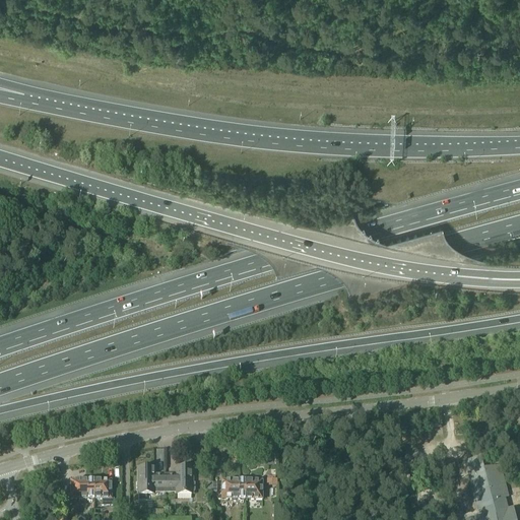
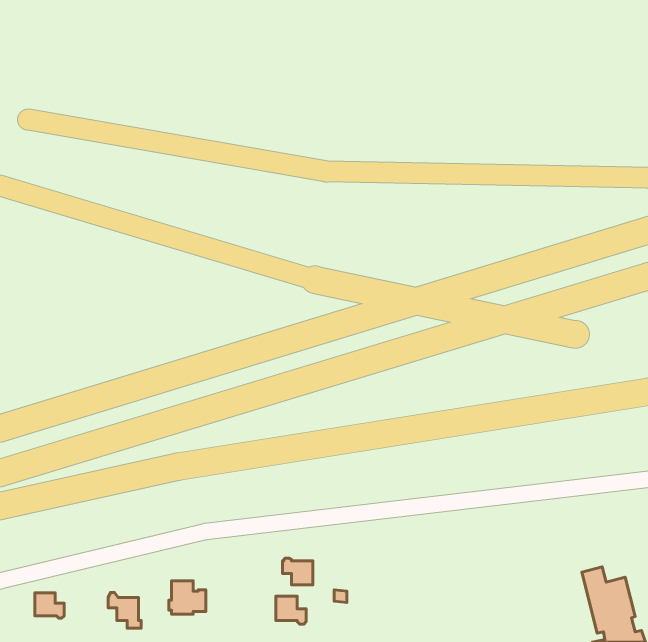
building: [166,463,195,491] -> none
building: [239,474,263,496] -> [283,558,313,585]
building: [71,477,94,498] -> [35,593,64,618]

